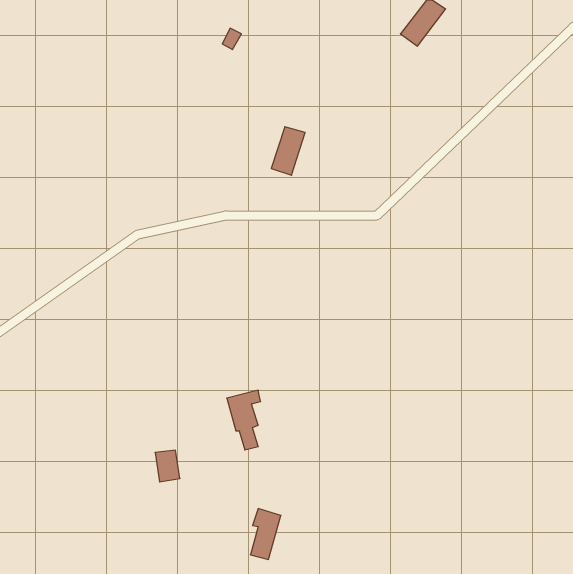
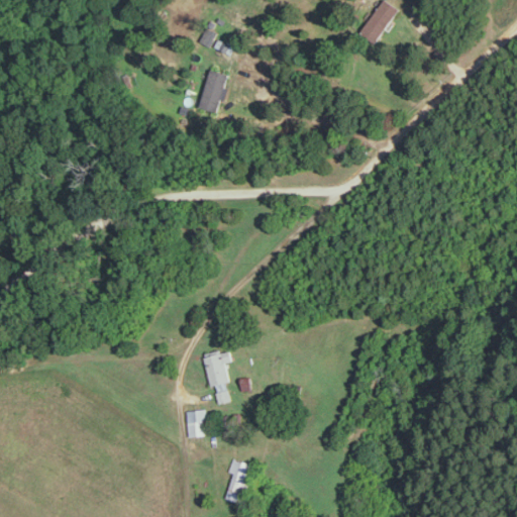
building: [271,127,305,175] -> [199,70,229,113]
building: [155,450,180,482] -> [184,410,206,438]

